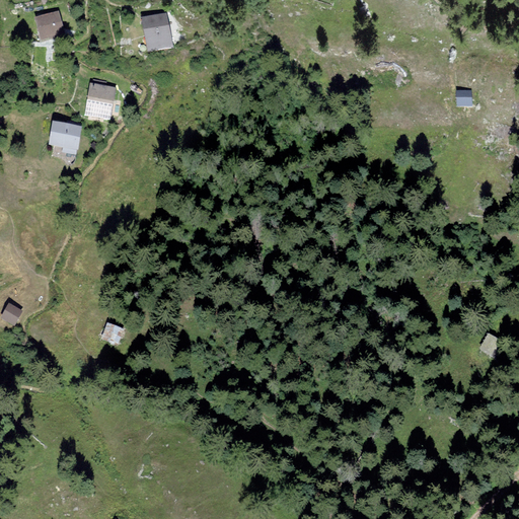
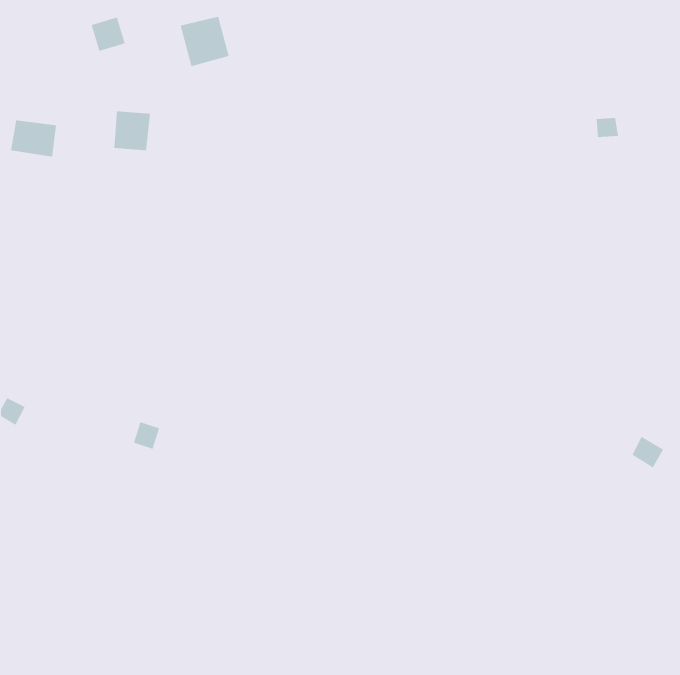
building: [36,10,63,36] -> [91,17,126,51]
building: [45,123,80,151] -> [10,120,57,157]

